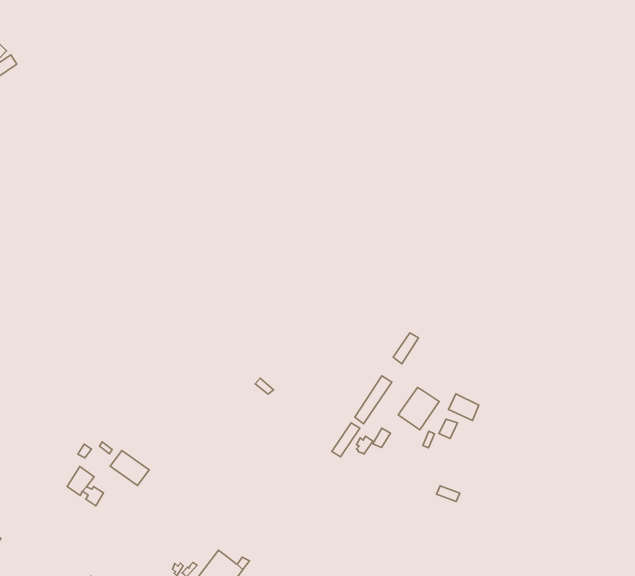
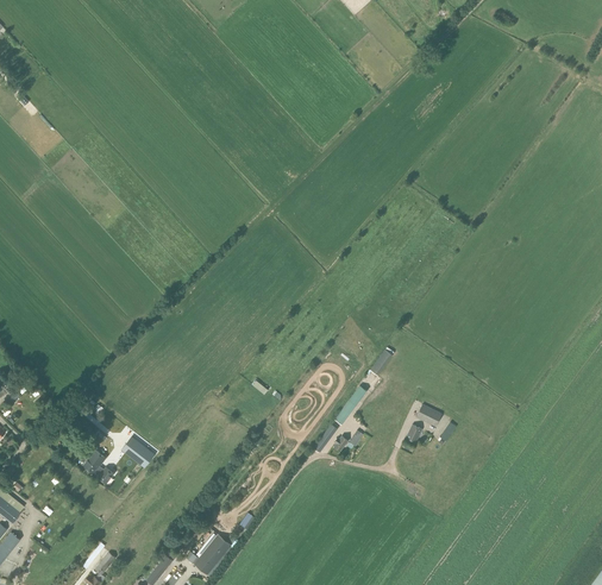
building: [398,388,439,430] -> none

